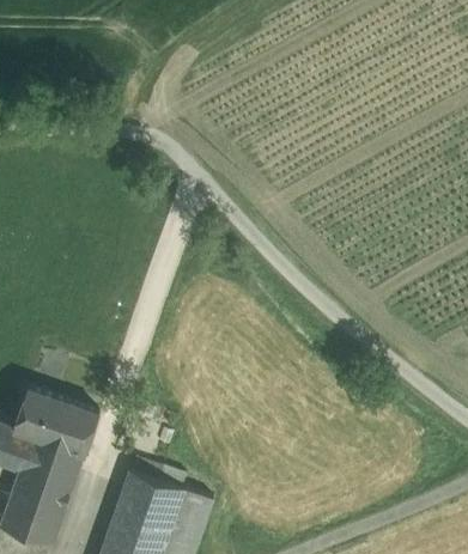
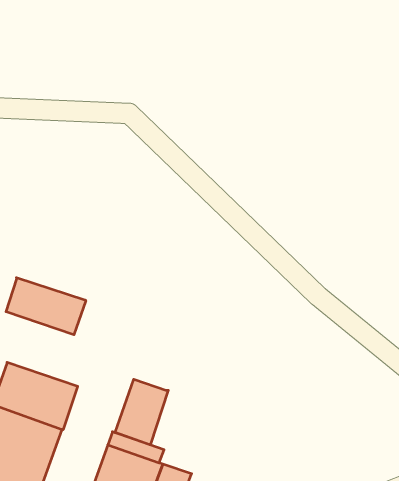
building: none -> [6,278,86,335]
building: none -> [115,379,168,445]

